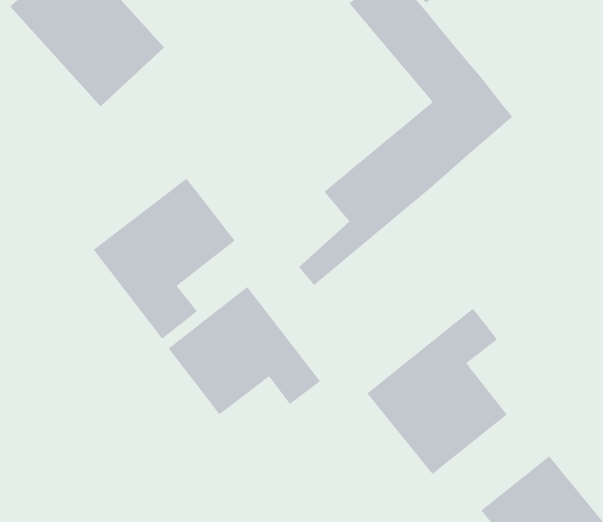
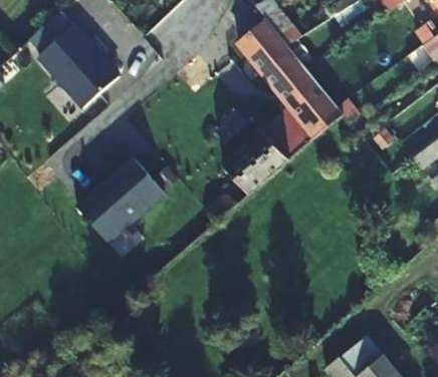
building: [168,286,321,415] -> none
building: [367,308,507,475] -> none

